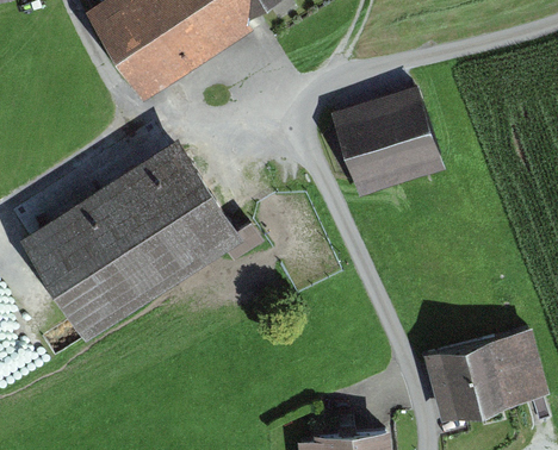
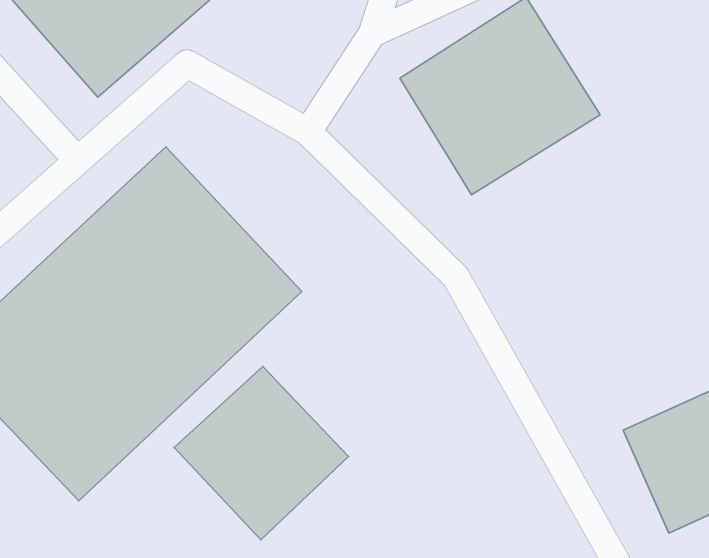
building: none -> [174,366,348,540]

